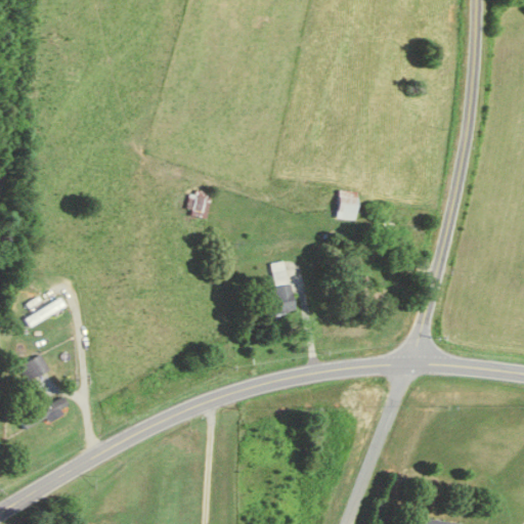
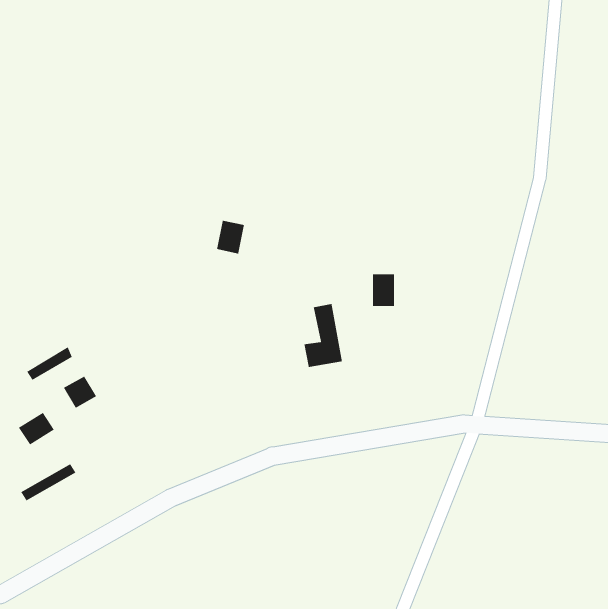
building: [339,190,358,219] -> [372,274,395,307]
building: none -> [63,375,97,409]

